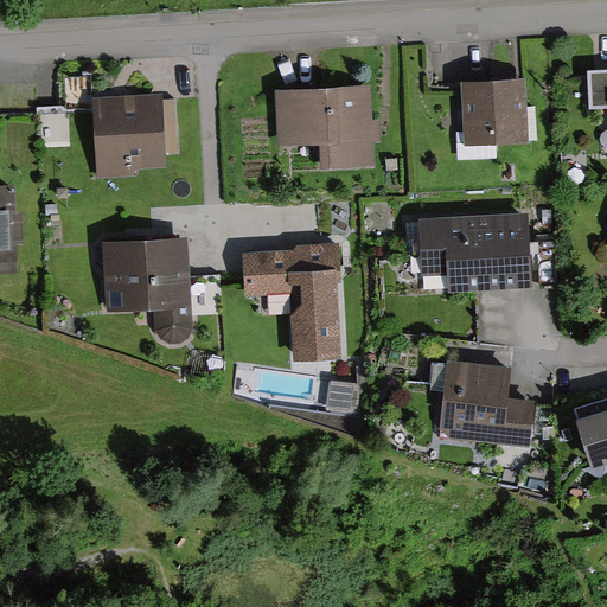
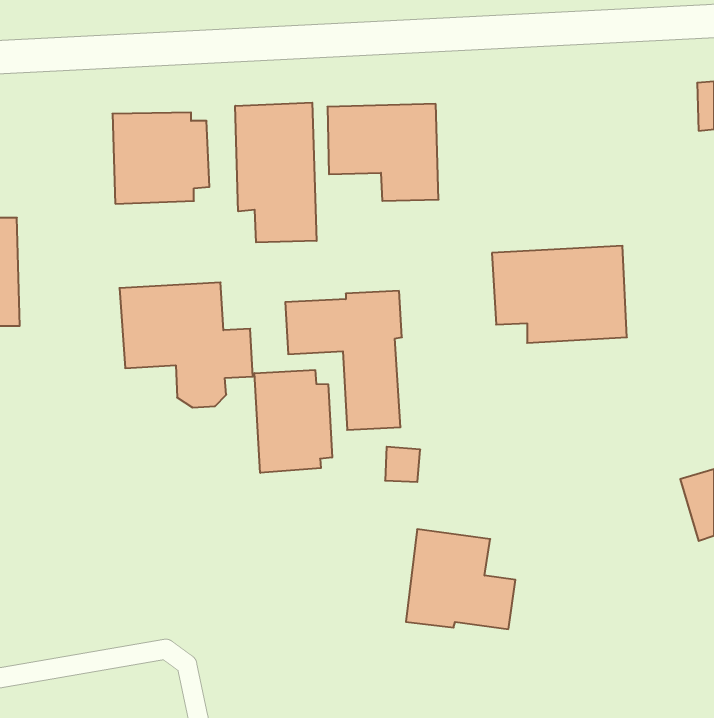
building: [459,78,528,145] -> none
building: none -> [235,103,317,242]
building: none -> [254,370,332,473]
building: [437,362,530,446] -> [406,529,515,629]

